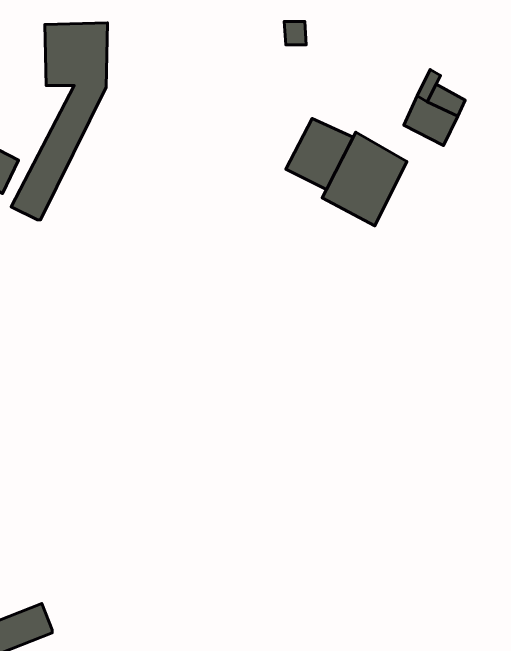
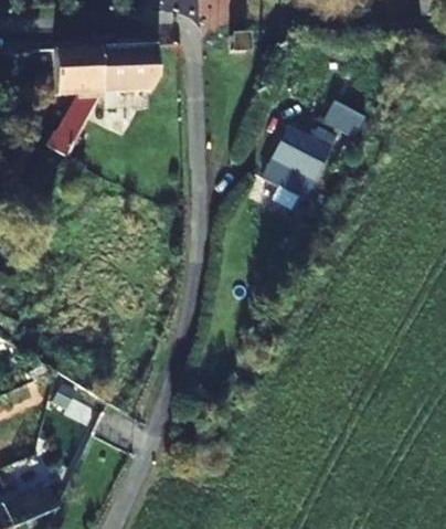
building: none -> [97,45,157,96]
building: [286,119,353,190] -> none

